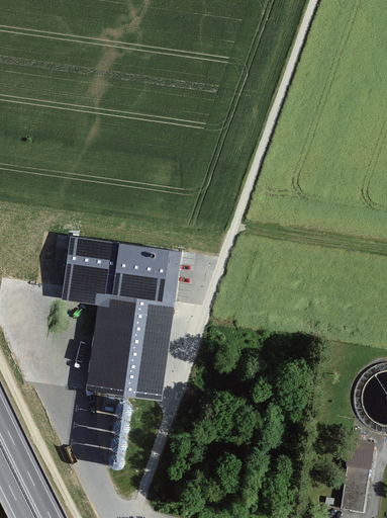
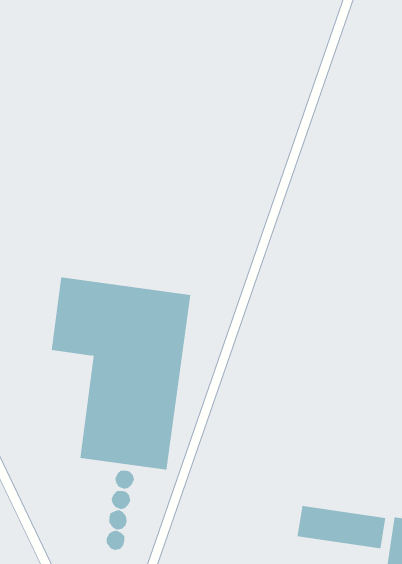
building: none -> [297,505,386,549]

